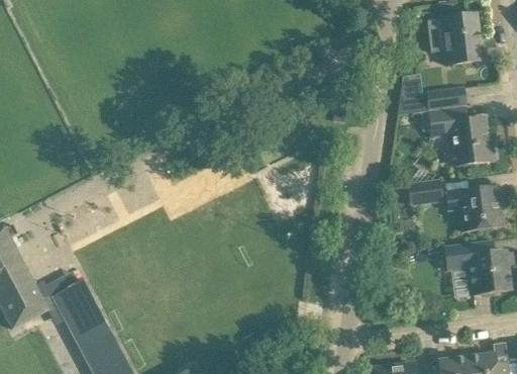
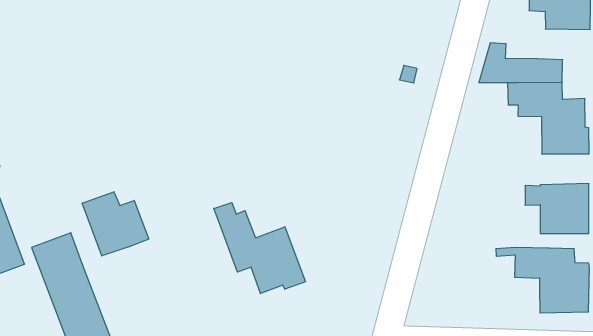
building: [407,179,442,203] -> none
building: none -> [214,203,306,294]
building: none -> [82,192,149,256]

